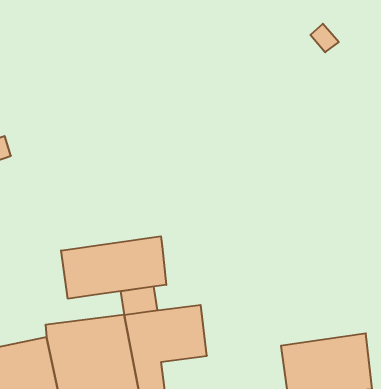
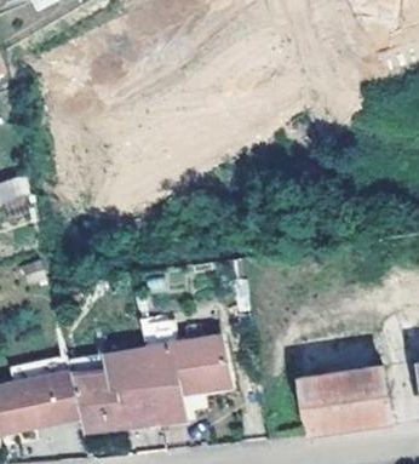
building: [61,236,166,299] -> none

